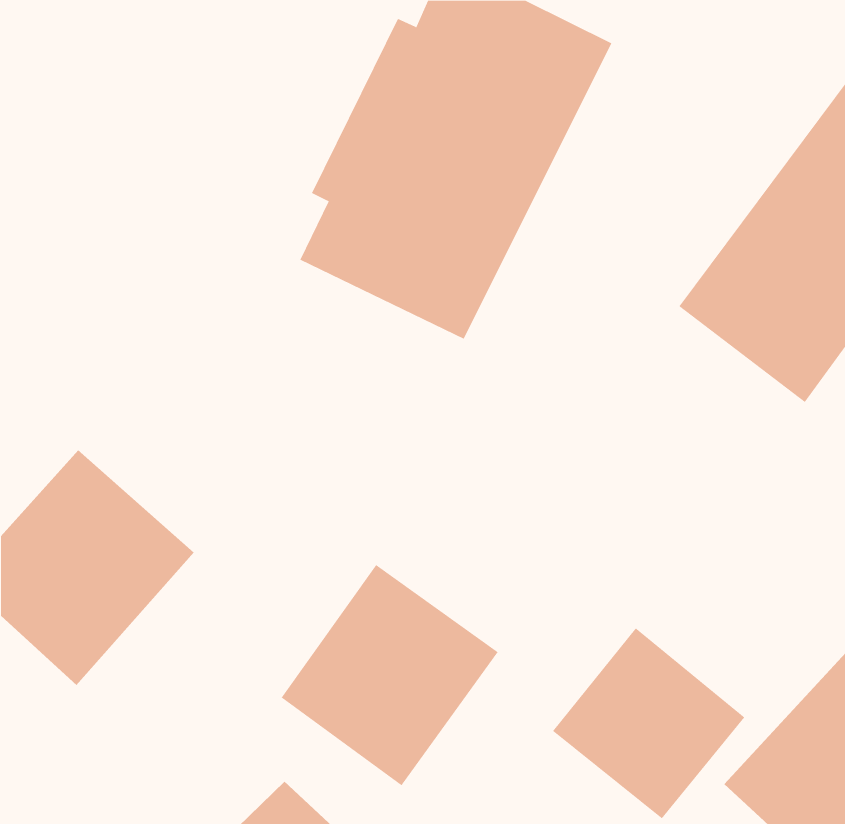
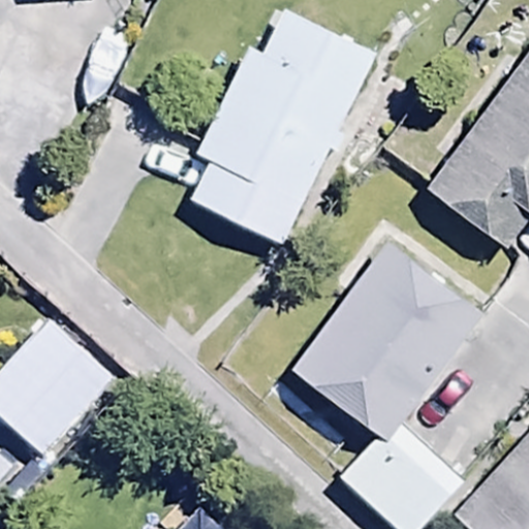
building: none -> [287,209,483,416]
building: [281,564,499,786] -> none

